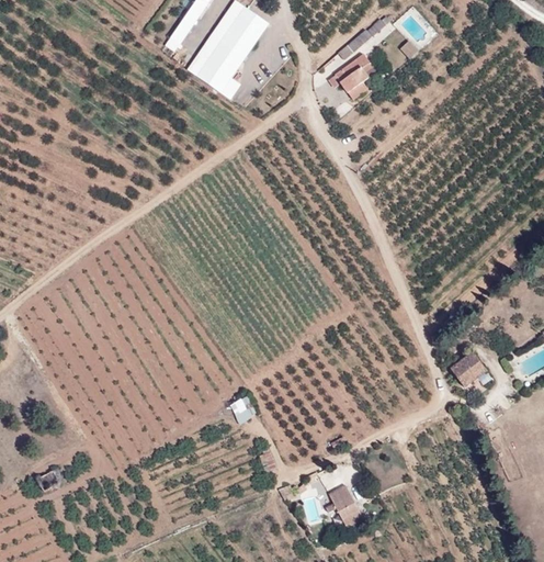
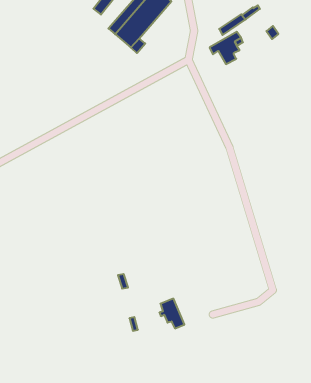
building: [445,352,485,386] -> none
building: [327,484,362,524] -> [159,299,184,328]

